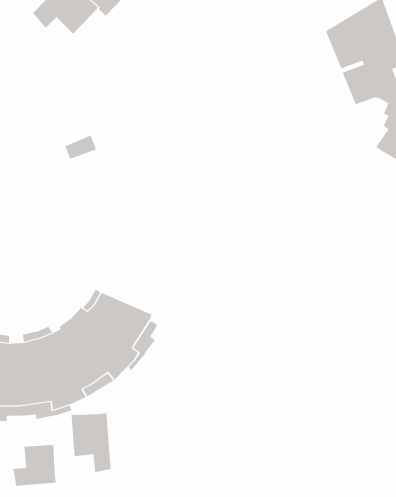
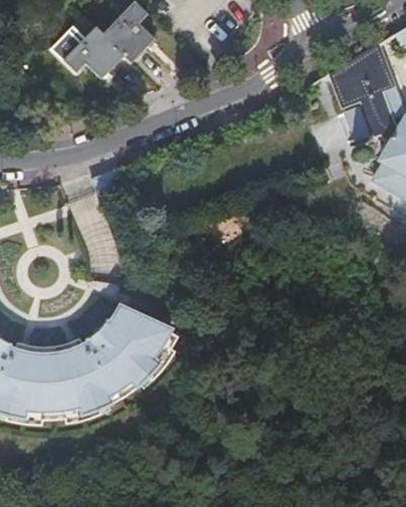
building: [71,413,111,473] -> none
building: [13,444,56,486] -> none

